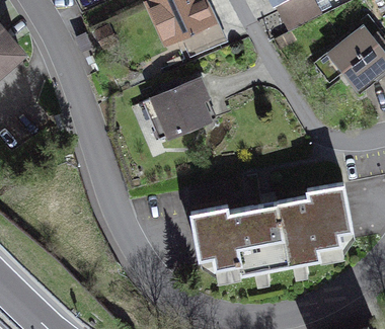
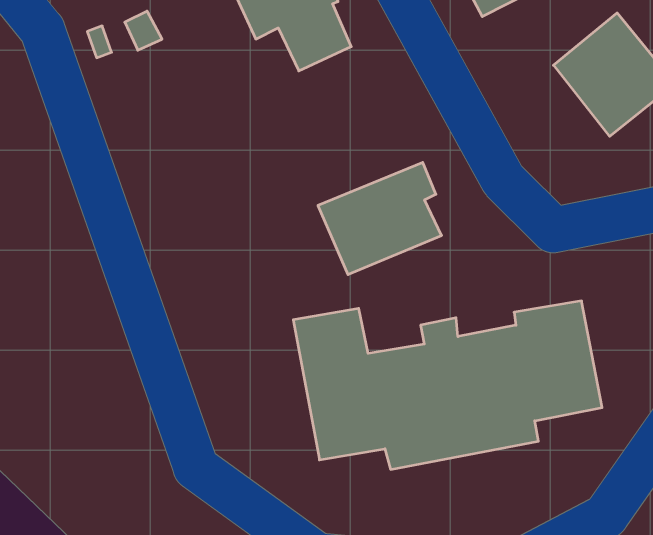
building: [144,80,211,141] -> [318,162,442,275]

